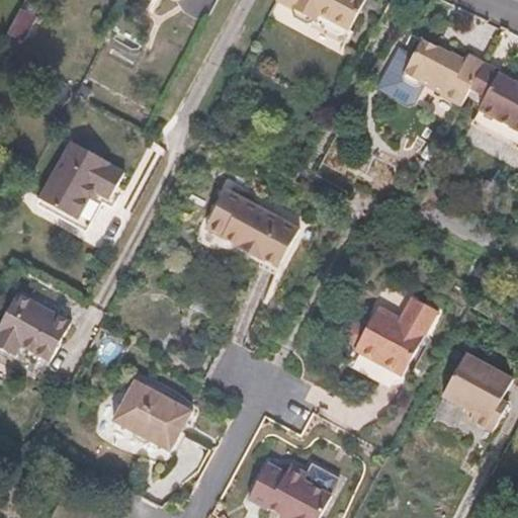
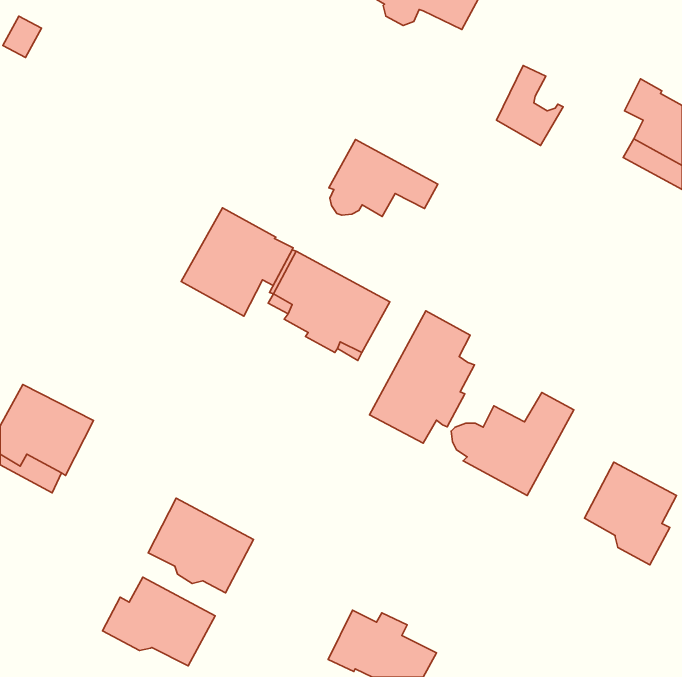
building: [405,37,486,103] -> none
building: none -> [329,139,438,216]
building: [38,140,123,222] -> [181,208,293,316]
building: none -> [369,311,475,443]
building: none -> [102,577,215,666]

